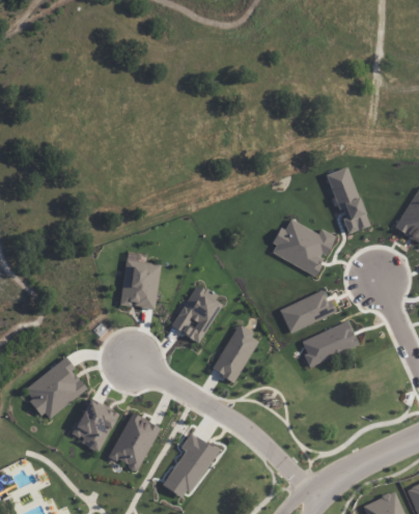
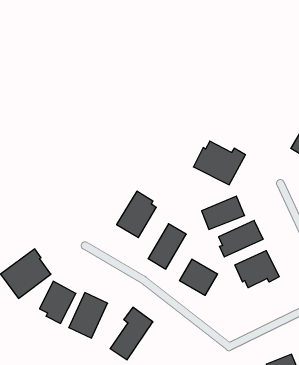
building: [327,168,368,233] -> none
building: [119,252,159,309] -> none
building: none -> [235,251,279,288]
building: none -> [180,259,218,295]

